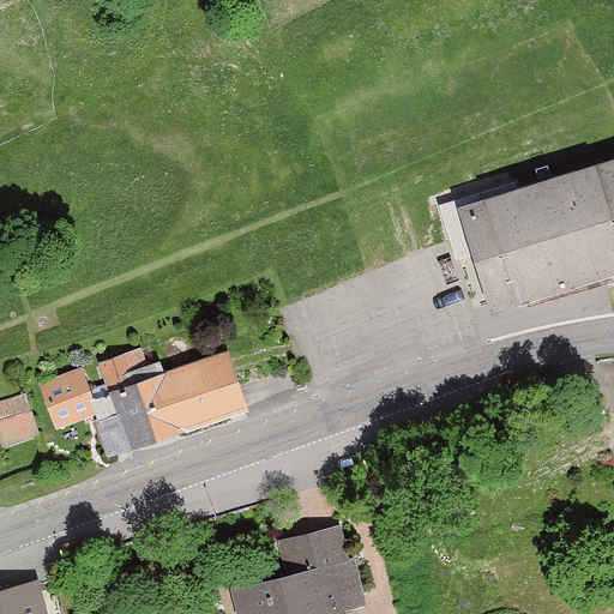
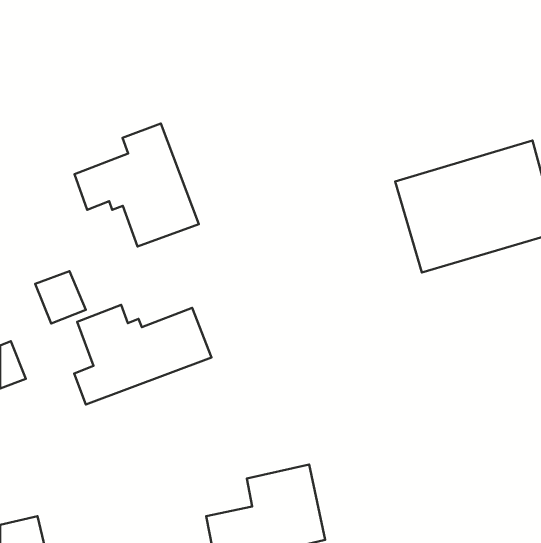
building: none -> [74,123,199,247]
building: [37,373,94,432] -> [35,271,86,324]

